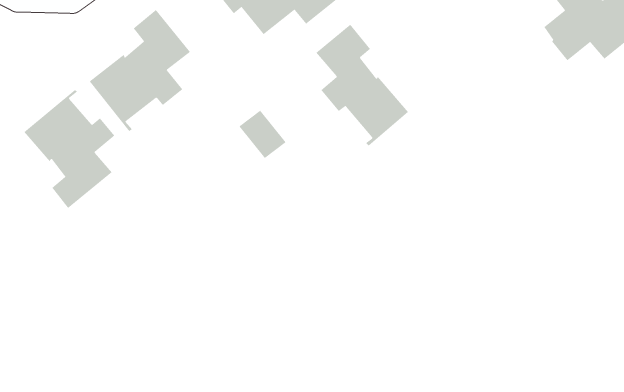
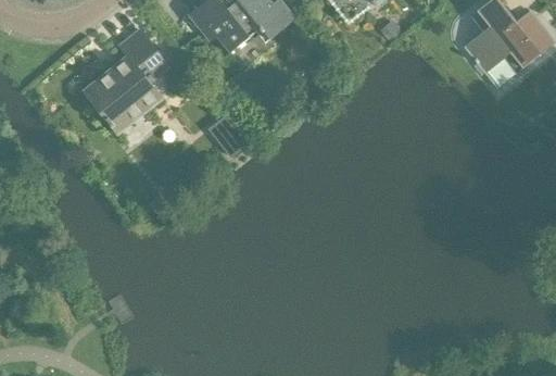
building: [315,24,409,147] -> none
building: [24,89,115,209] -> none

